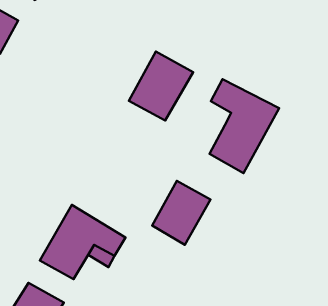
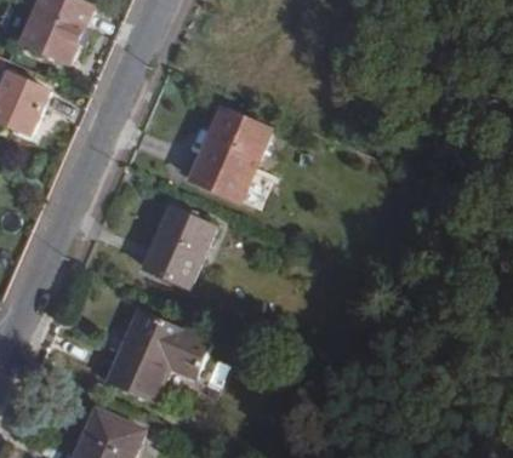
building: [210,79,279,173] -> none
building: [152,181,210,245] -> [144,210,212,287]

